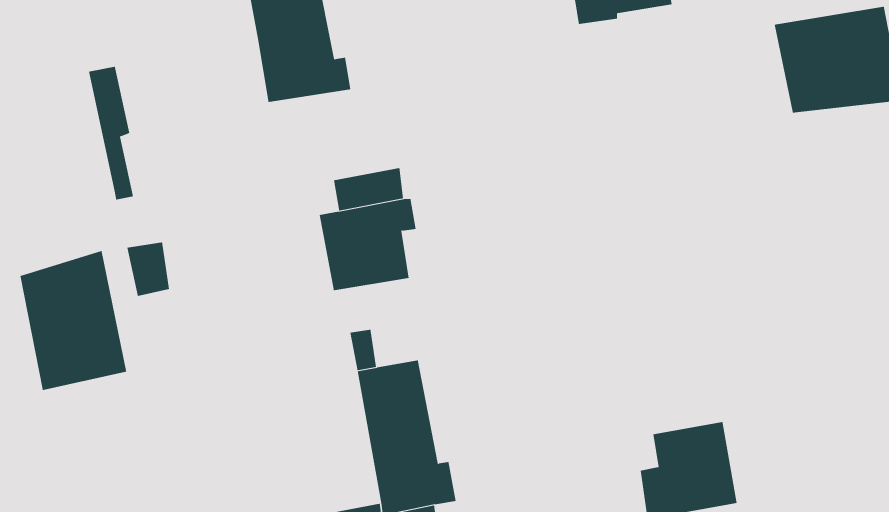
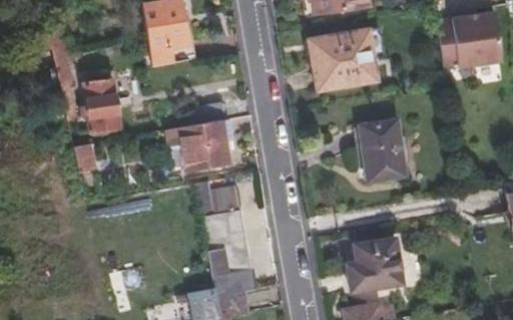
building: none -> [318,33,383,91]
building: none -> [83,74,118,127]
building: none -> [358,123,403,185]
building: [20,250,127,391] -> none

